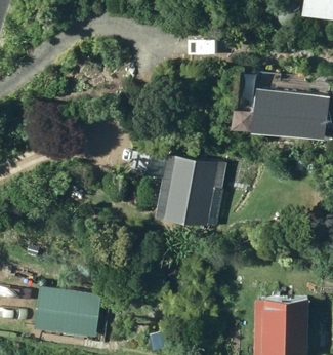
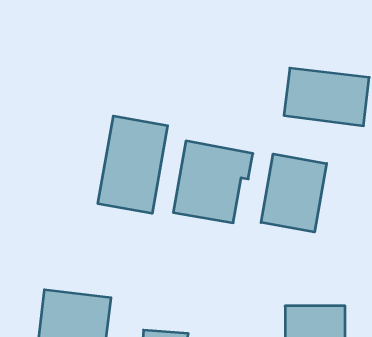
building: none -> [98,116,168,213]
building: none -> [261,154,327,232]

